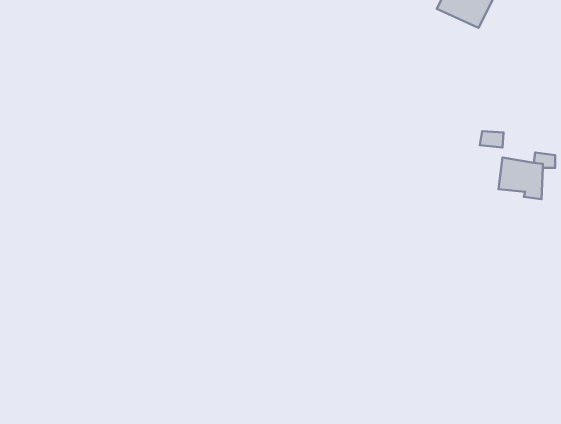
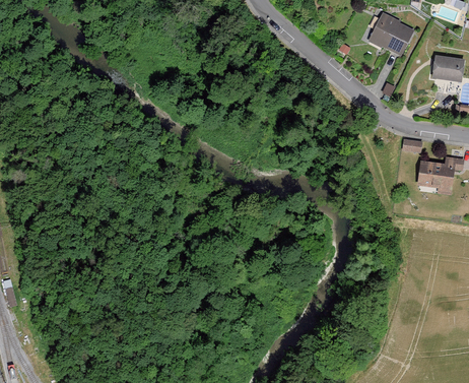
building: none -> [430,54,463,79]

